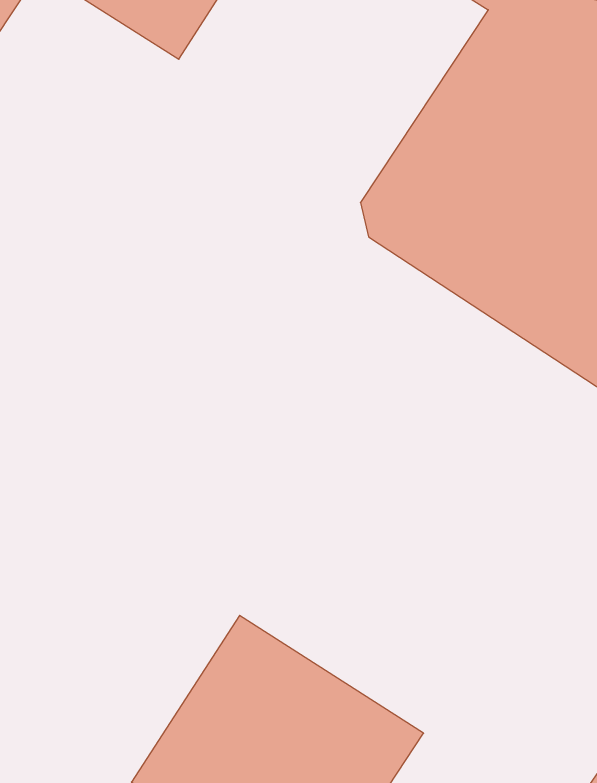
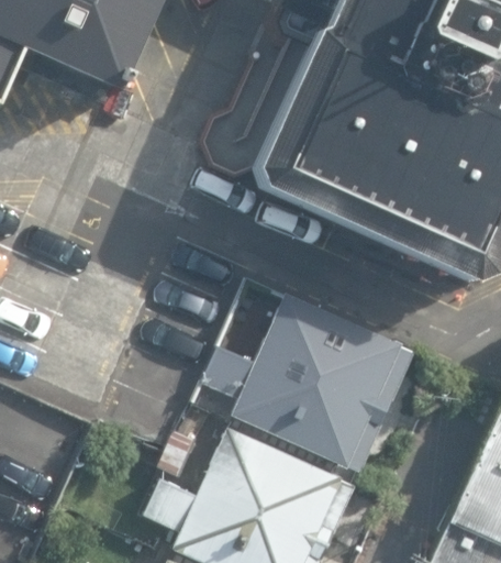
building: none -> [232,300,393,460]

